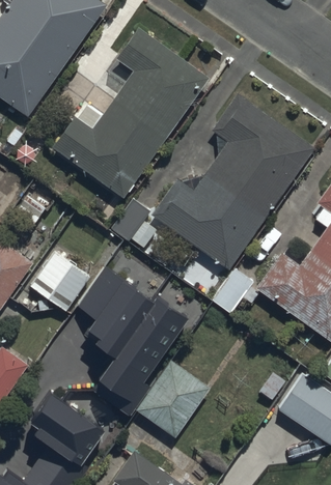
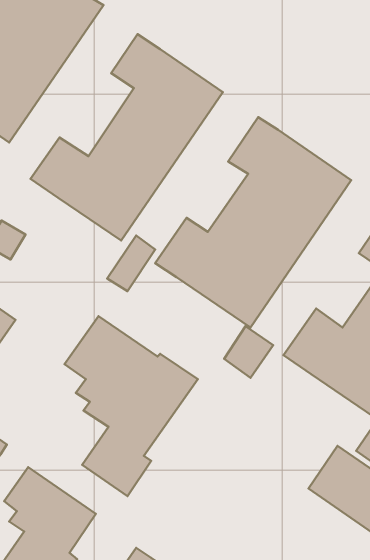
building: [28,246,92,310] -> none
building: [138,364,210,438] -> none

